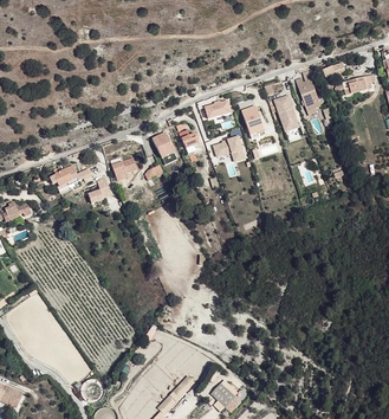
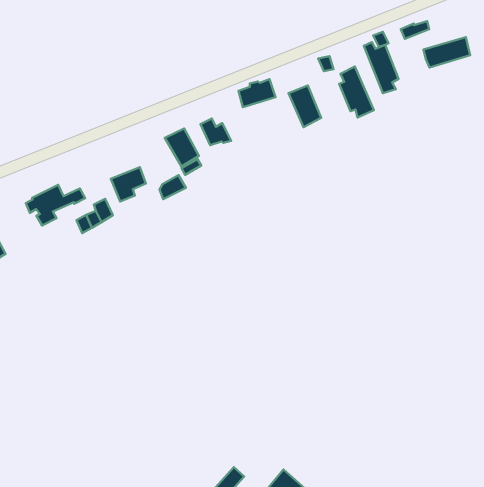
building: [212,129,246,161] -> none

